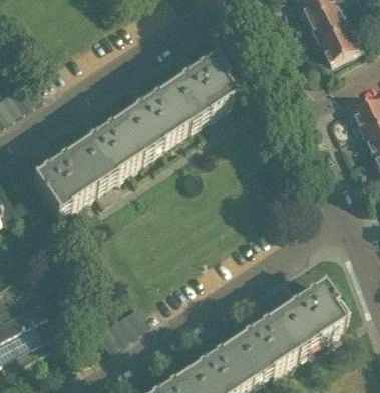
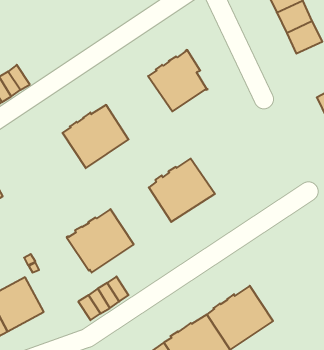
building: [124,85,196,153] -> [149,159,215,222]
building: [30,146,102,215] -> [67,209,134,273]
building: [279,283,342,349] -> none

